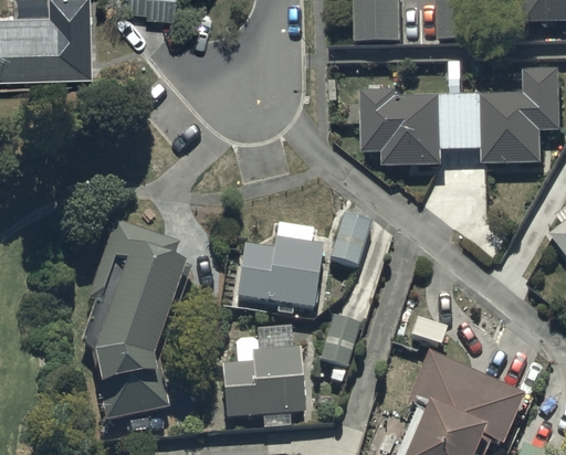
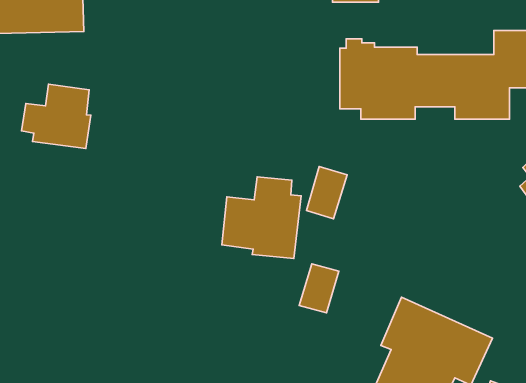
building: none -> [22,84,91,149]
building: [78,220,186,419] -> none
building: [220,337,305,421] -> none

